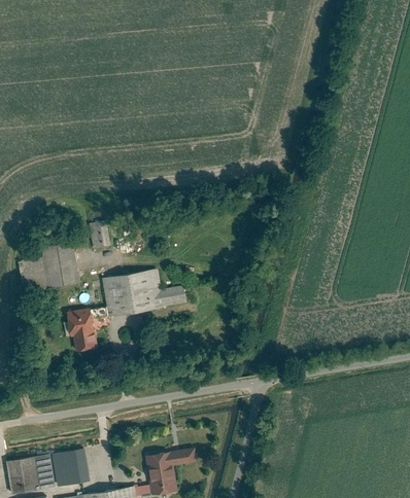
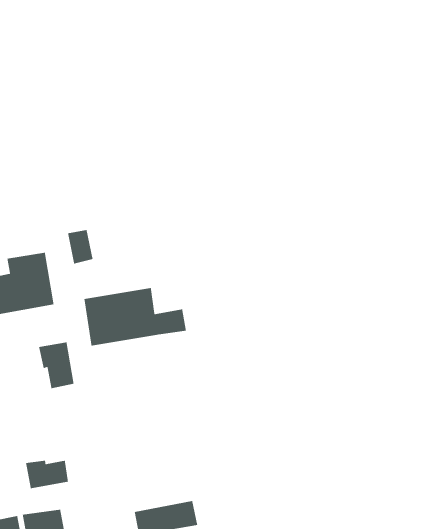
building: none -> [25,460,69,489]

